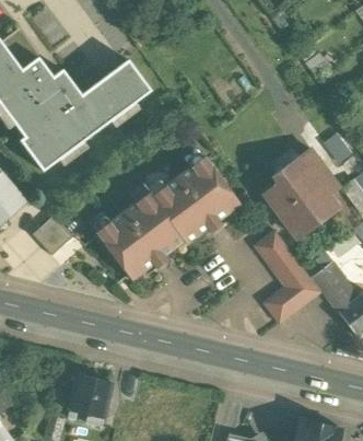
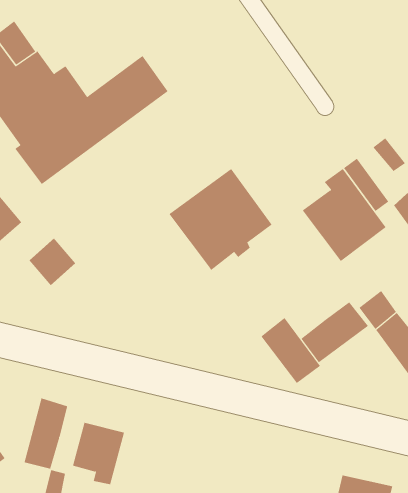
building: [94,194,184,282] -> none
building: [253,230,304,287] -> [260,317,321,384]
building: none -> [24,398,68,470]

